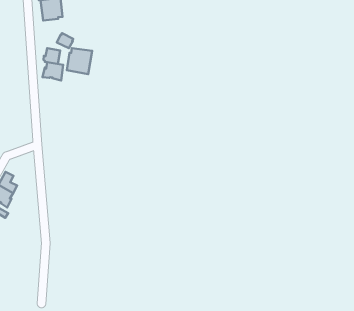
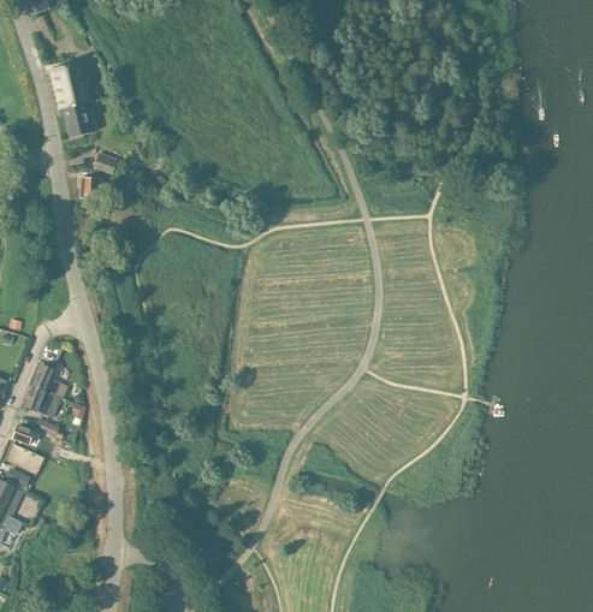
building: [67,48,92,74] -> none
building: [43,62,63,80] -> none

